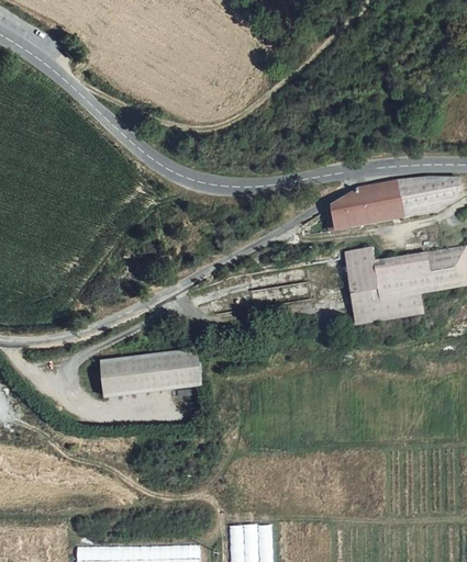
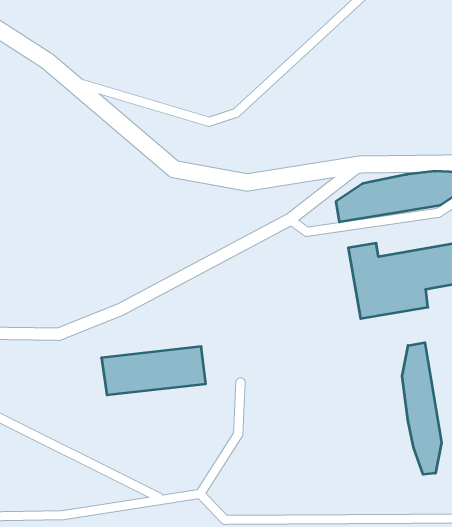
building: none -> [402,343,442,474]

